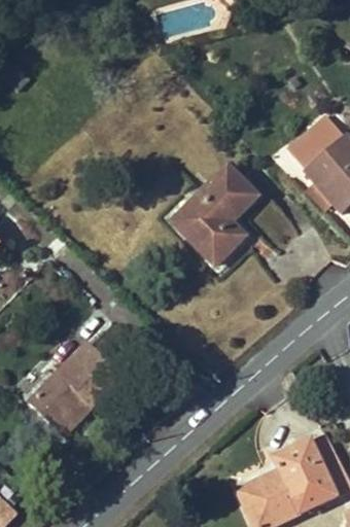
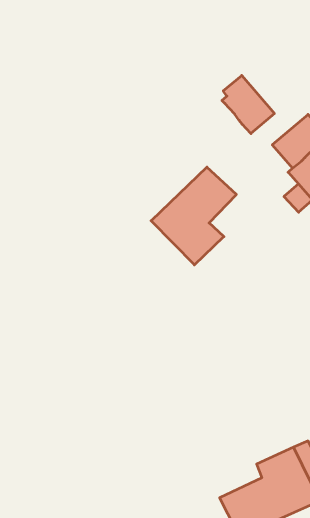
building: none -> [222,75,274,134]
building: [29,343,119,429] -> none

